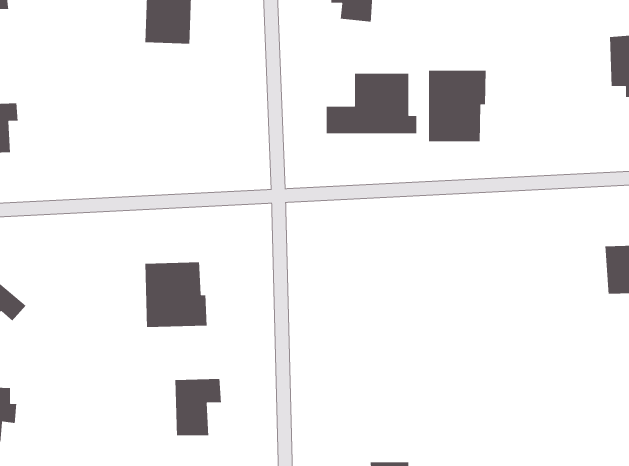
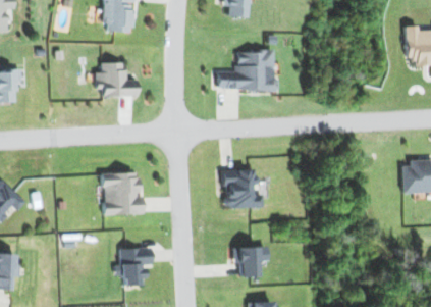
building: [428,70,486,142] -> none
building: none -> [96,62,138,97]
building: none -> [224,168,264,208]
building: none -> [240,247,268,277]

